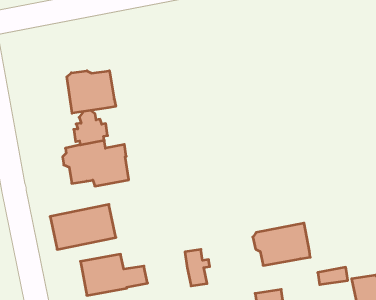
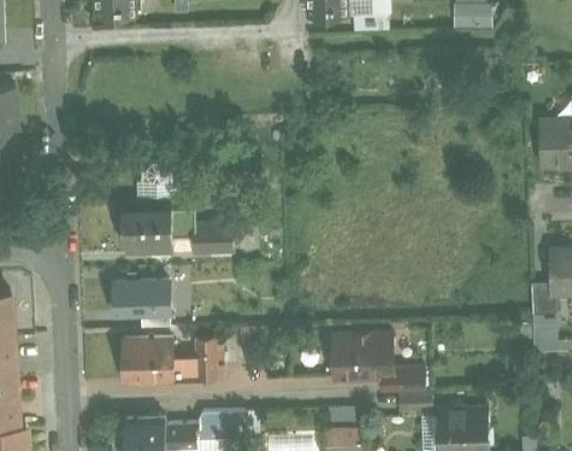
building: [67,71,116,113] -> none
building: none -> [194,223,234,251]
building: none -> [381,365,425,391]
building: [185,249,210,286] -> [196,335,223,376]

